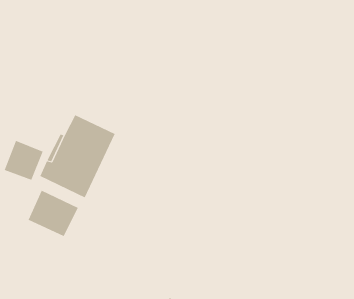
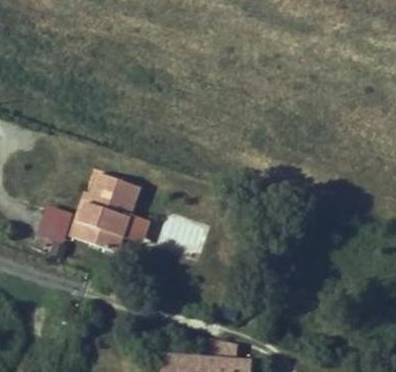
building: [28,190,78,237] -> none

